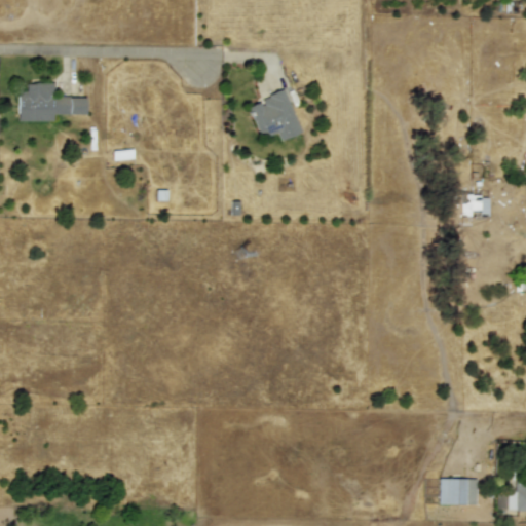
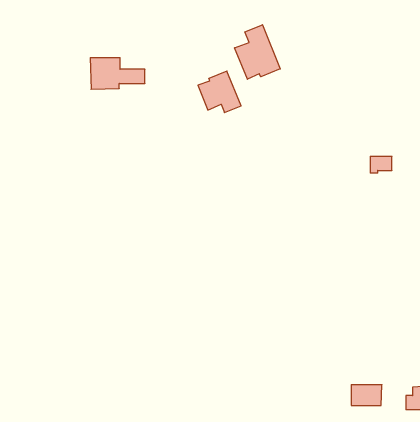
building: none -> [235,25,280,79]
building: [20,83,87,122] -> [90,58,145,89]

